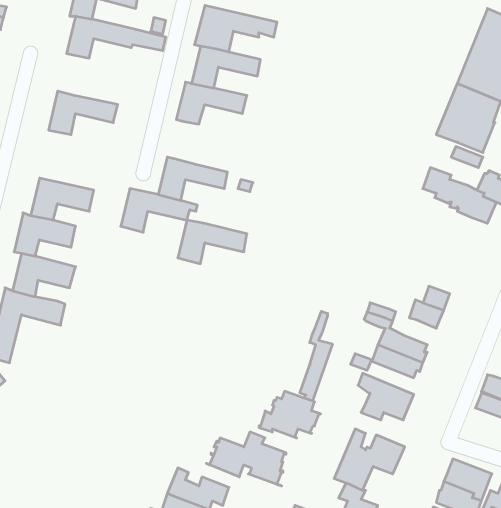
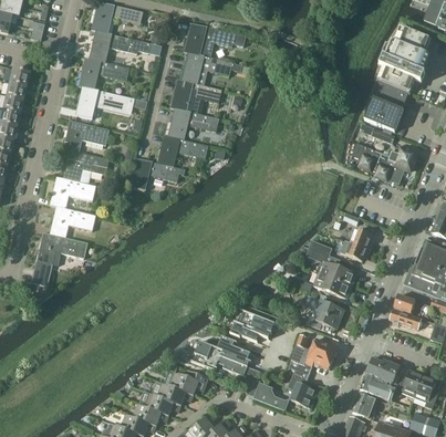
building: none -> [77,58,128,90]
building: none -> [63,121,108,153]
building: [178,220,247,264] -> [167,108,218,141]
building: [300,311,332,401] -> none

